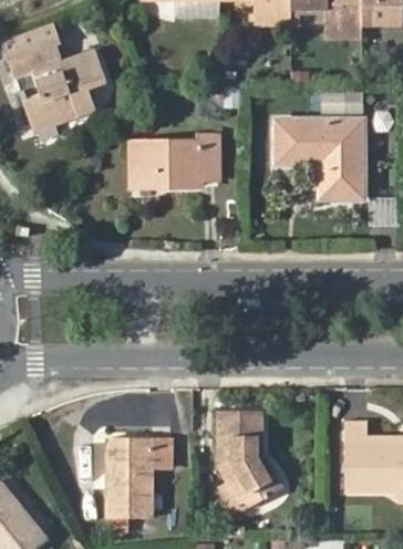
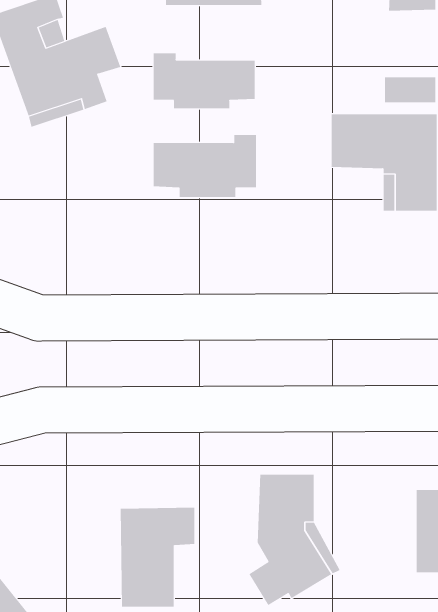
building: none -> [153,52,255,109]

